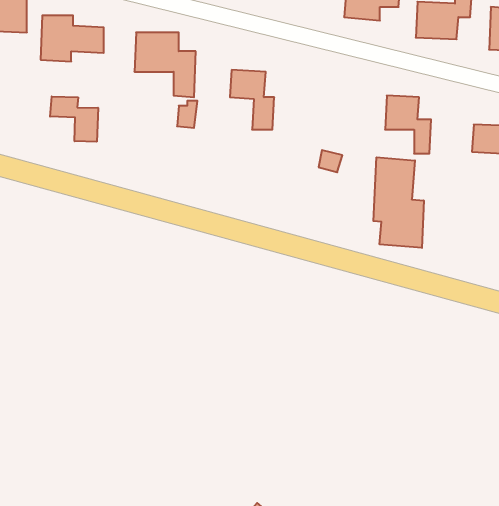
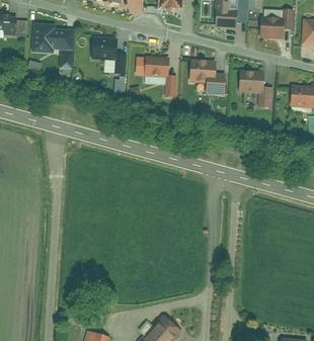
building: none -> [189,61,222,92]
building: [50,96,98,142] -> none
building: [373,157,424,248] -> none

